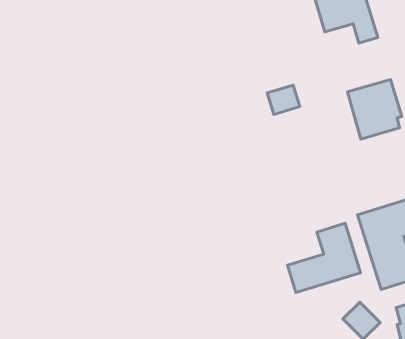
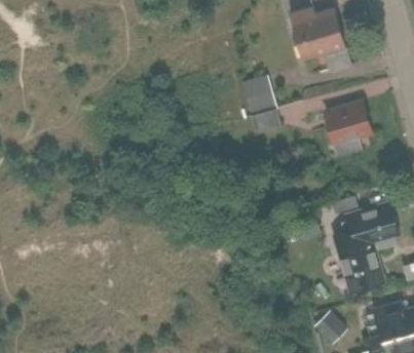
building: none -> [240,74,275,113]
building: [287,223,361,292] -> none

